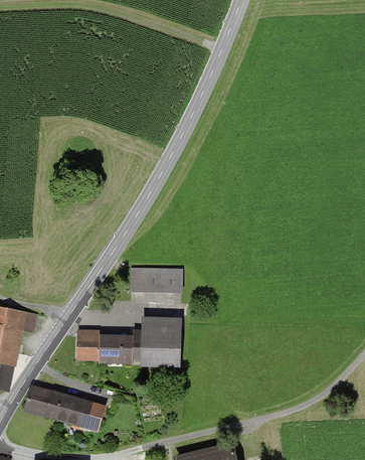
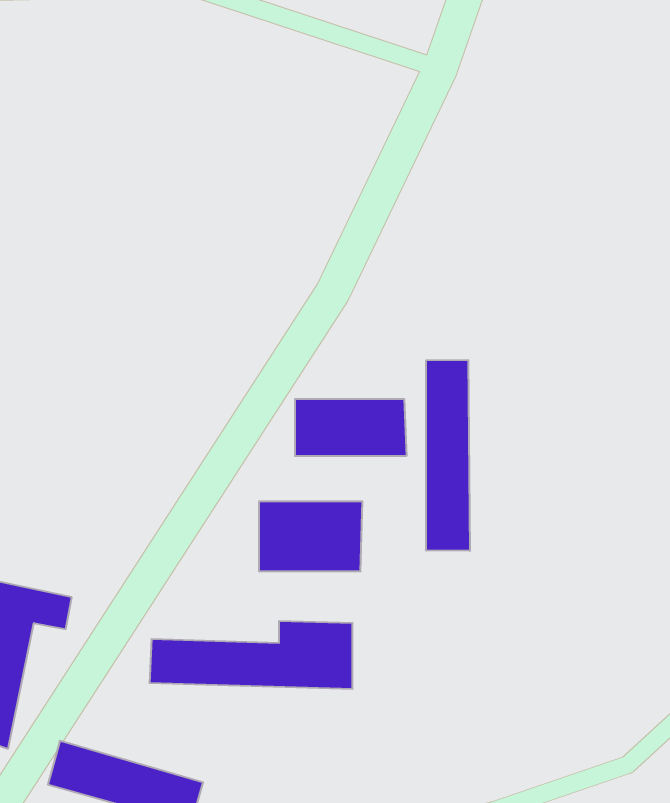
building: none -> [426,360,470,551]
building: none -> [295,399,406,456]

